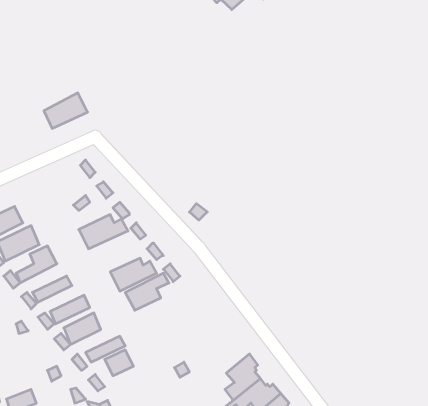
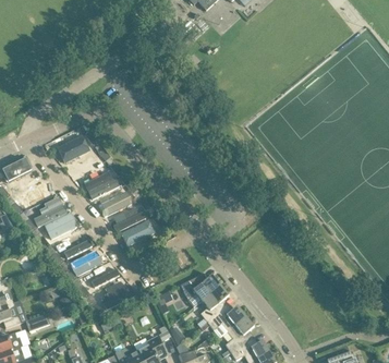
building: [44,93,88,128] -> [54,135,89,164]
building: none -> [94,189,129,218]
building: none -> [180,273,219,300]

